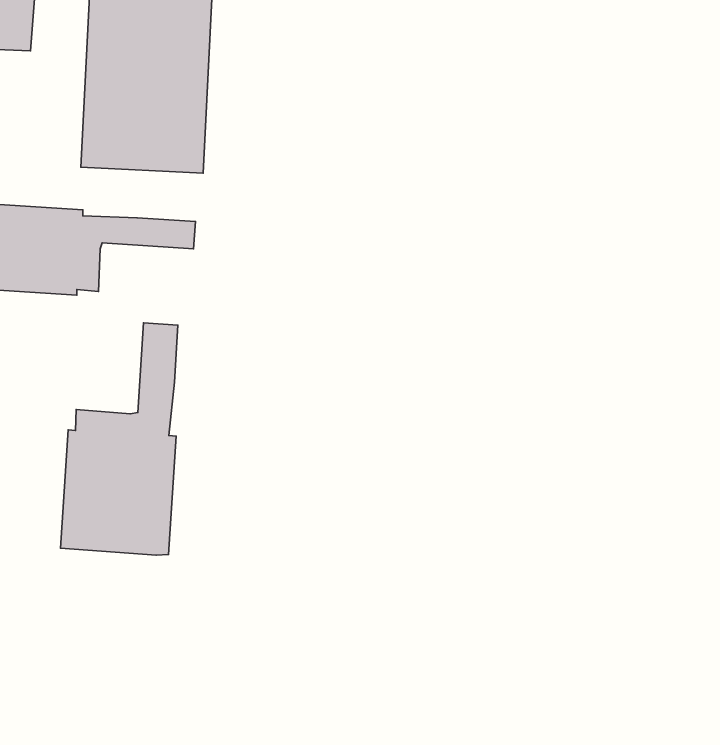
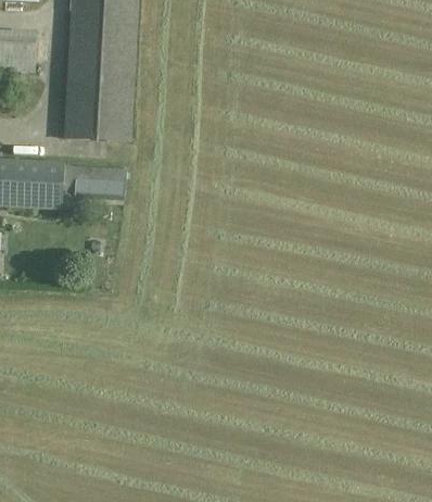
building: [61,323,178,555] -> none

